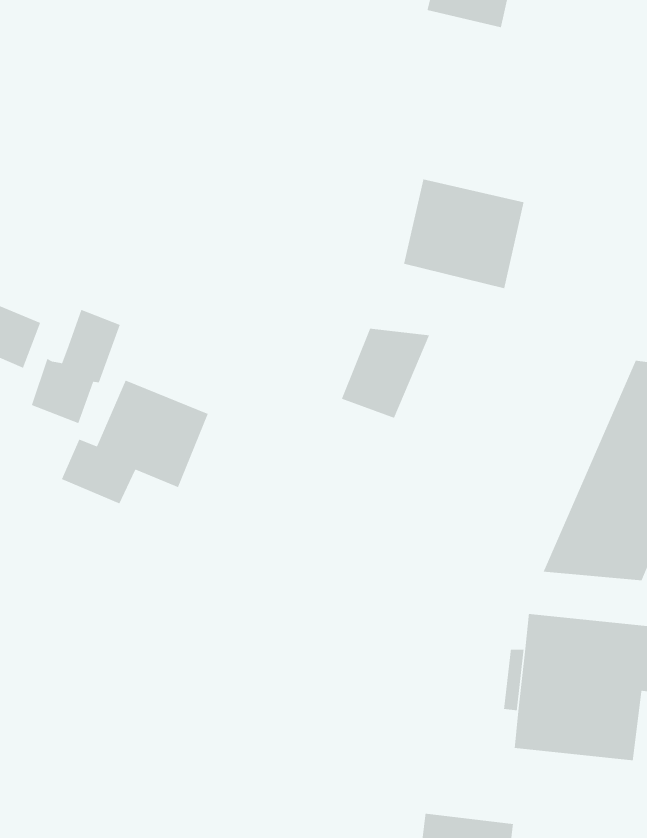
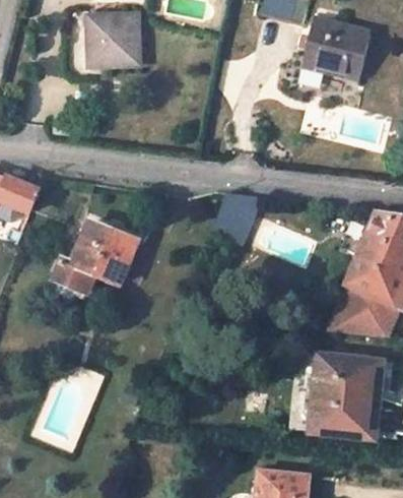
building: none -> [87,13,139,66]
building: [403,179,525,289] -> [301,16,371,79]
building: [31,309,121,424] -> none

